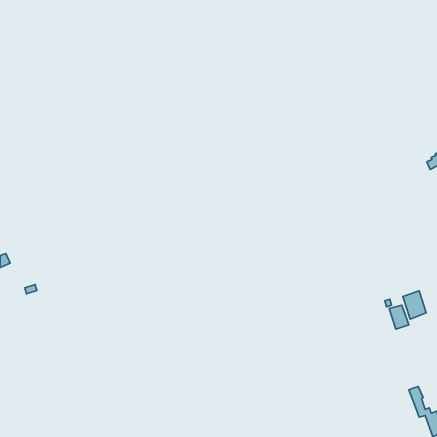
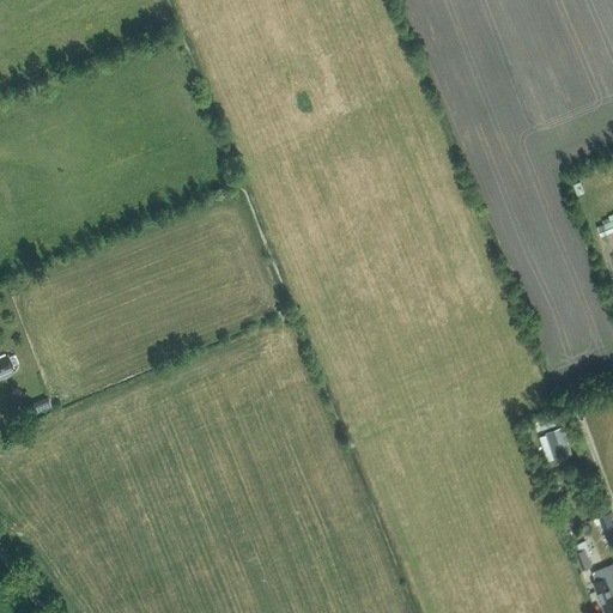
building: [403,291,426,319] -> none

